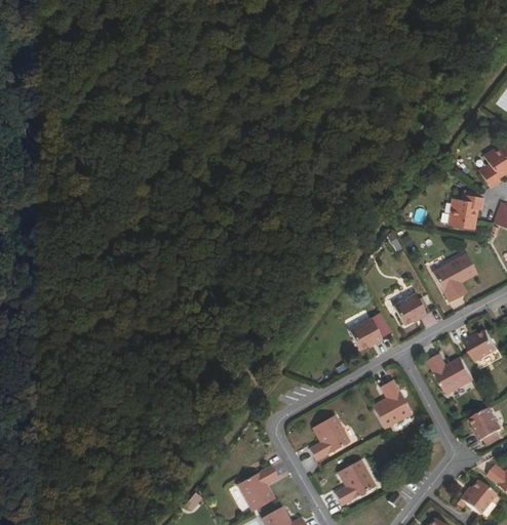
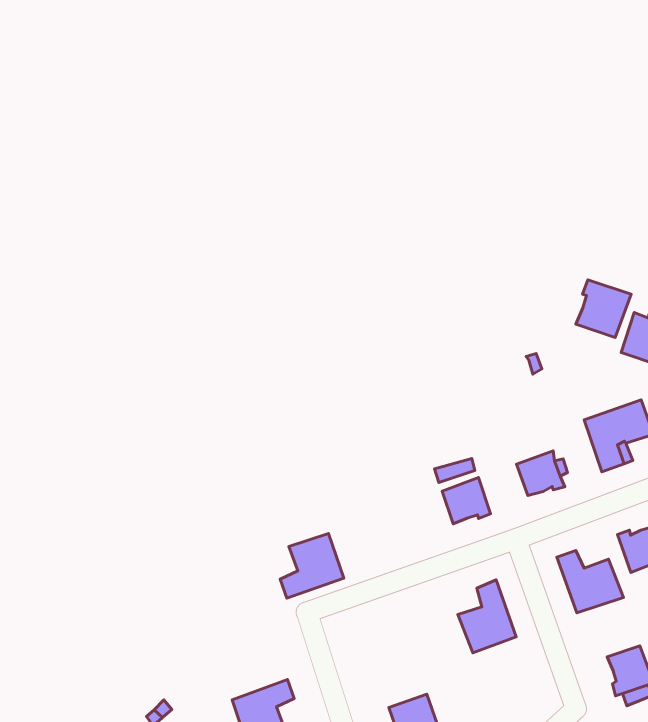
building: none -> [576,280,631,337]
building: [310,415,350,460] -> [280,533,344,598]

